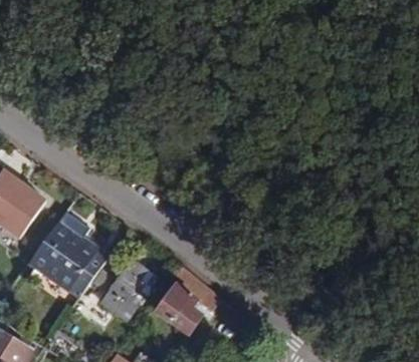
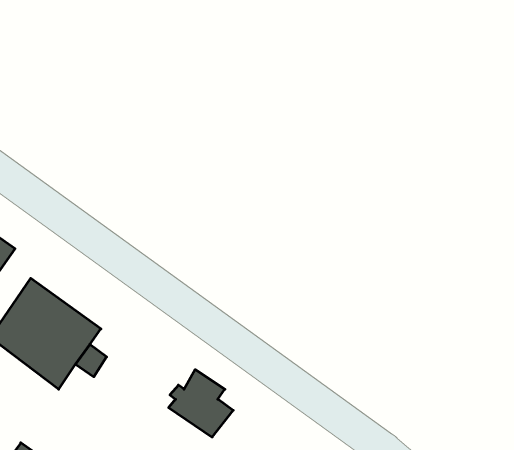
building: [100,260,157,322] -> none

